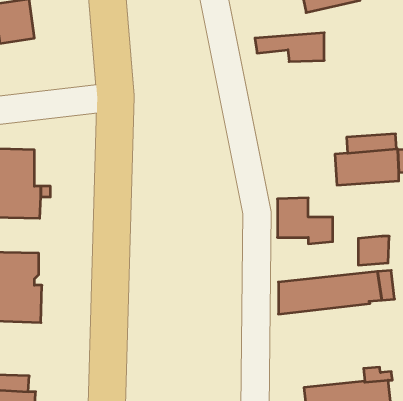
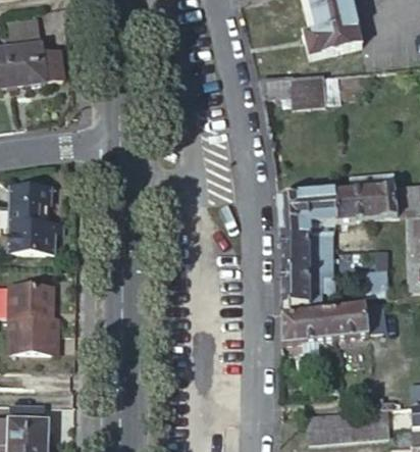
building: none -> [277,191,337,234]
building: none -> [280,270,333,305]

